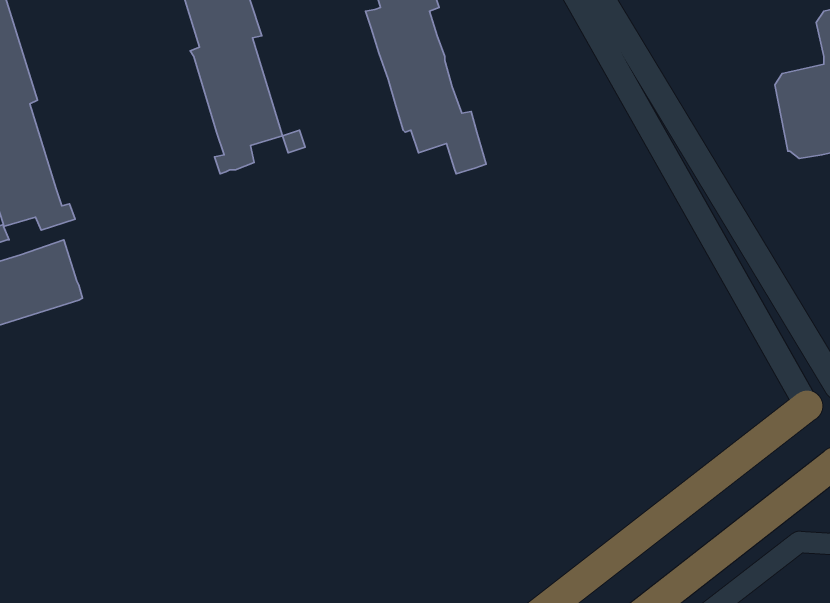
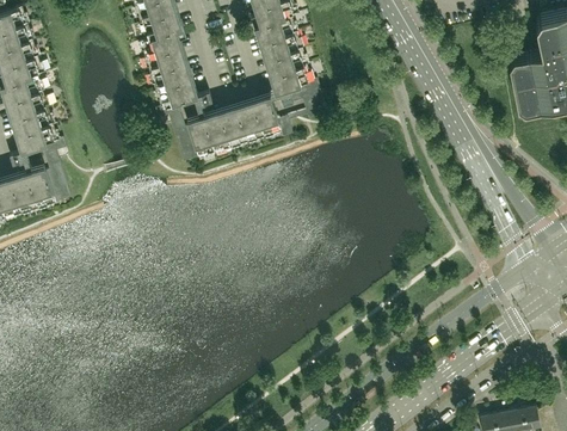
building: none -> [172,92,291,162]

